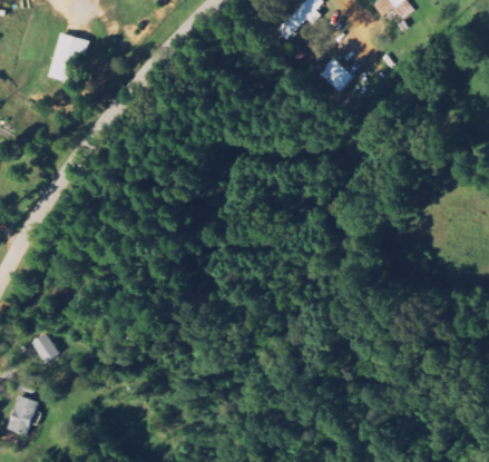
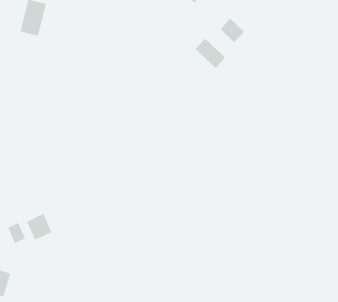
building: none -> [195,38,226,69]
building: none -> [26,213,53,241]

